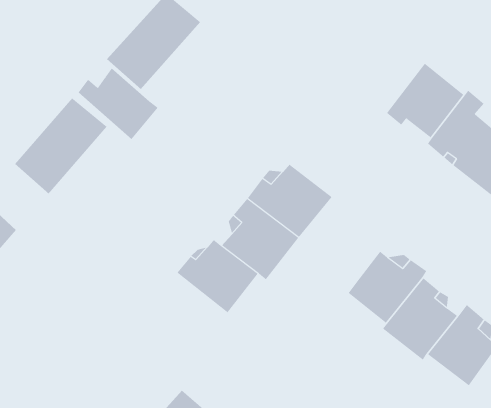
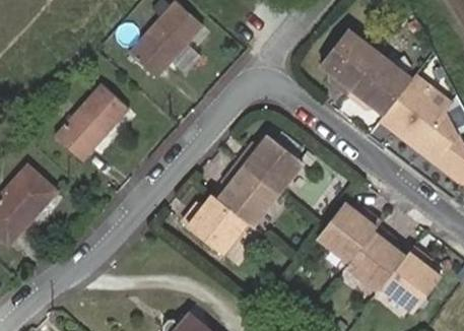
building: none -> [322,31,380,95]
building: [78,67,158,140] -> none

